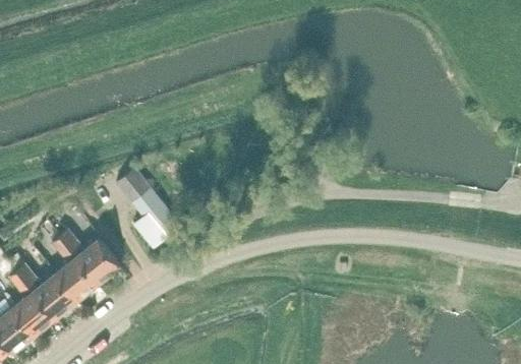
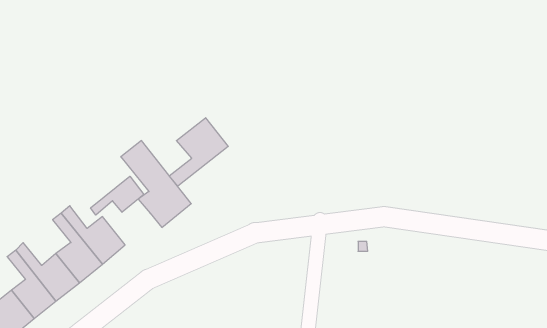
building: none -> [169,118,228,186]
building: none -> [91,176,144,215]

